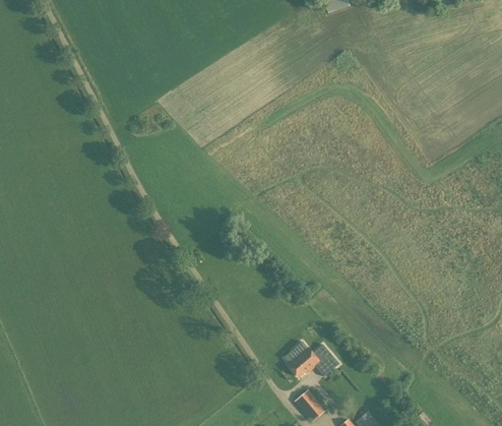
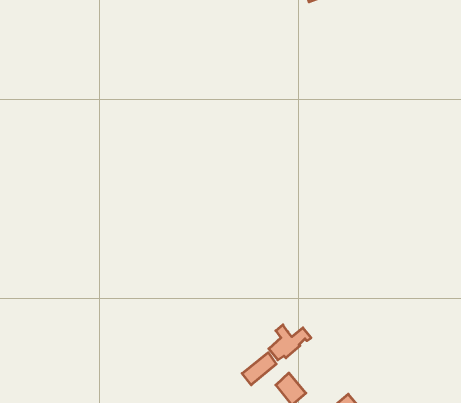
building: none -> [242,353,276,385]

